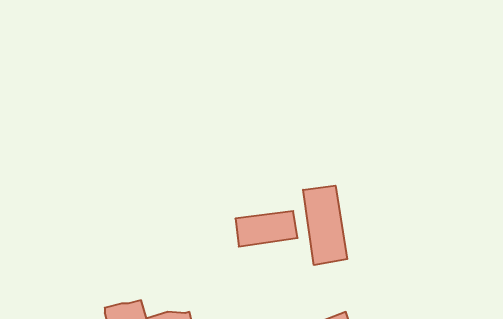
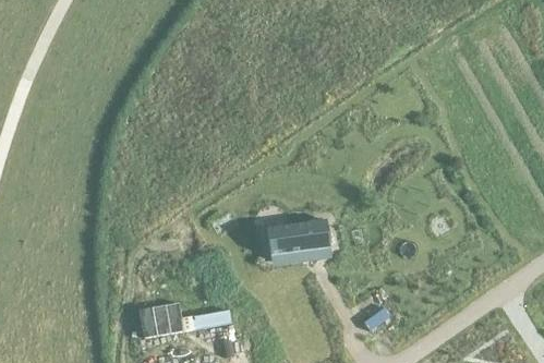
building: [303,186,347,265] -> none

